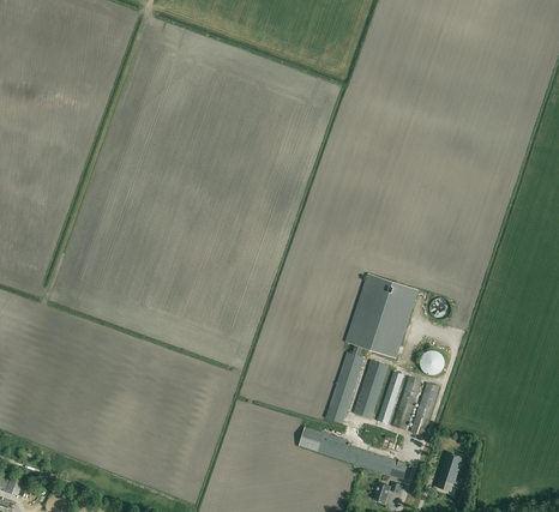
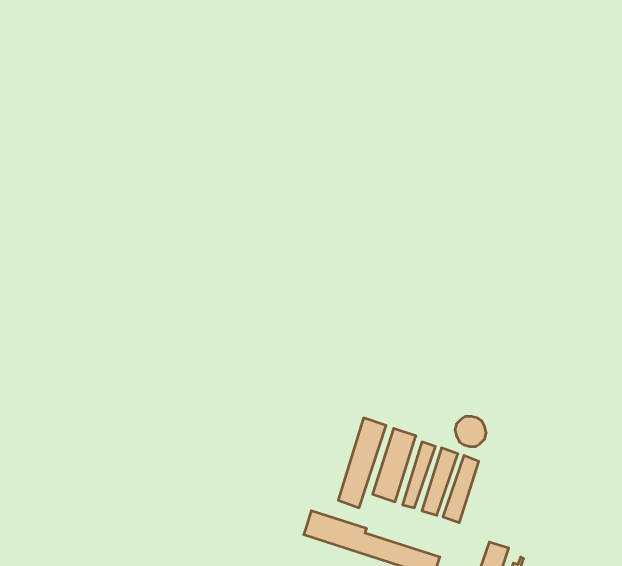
building: [347,275,419,359] -> none

